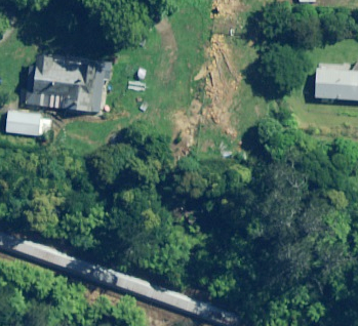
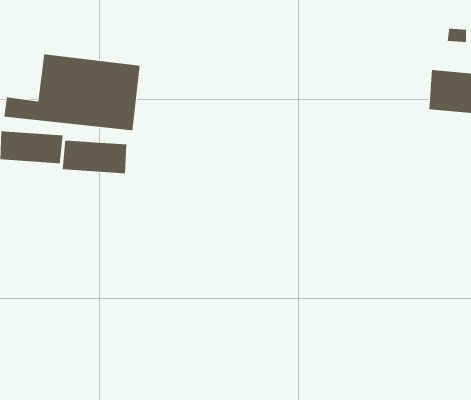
building: none -> [62,140,127,174]

